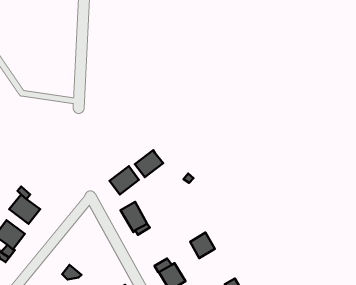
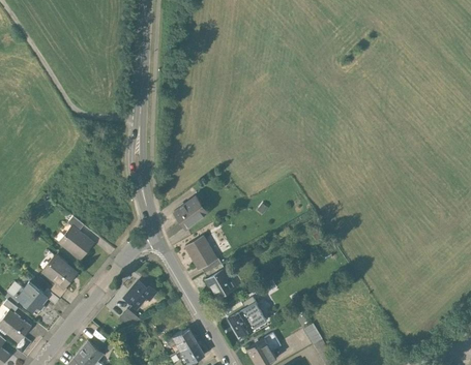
building: [135,150,163,177] -> none
building: [190,233,215,258] -> [207,269,235,298]
building: none -> [124,280,158,310]

